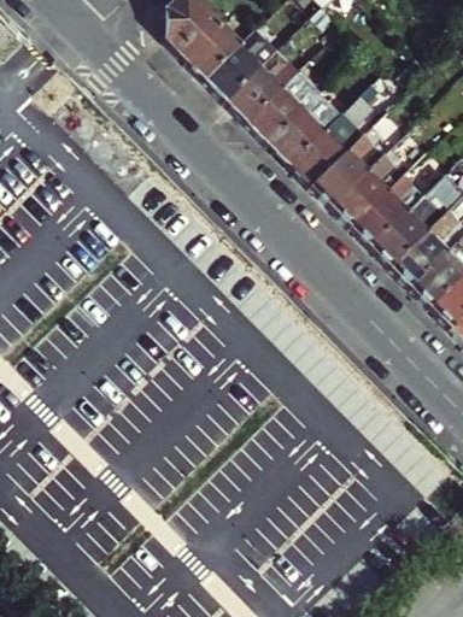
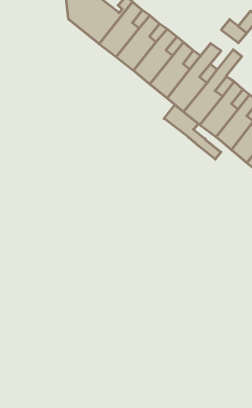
building: none -> [164,105,221,159]

